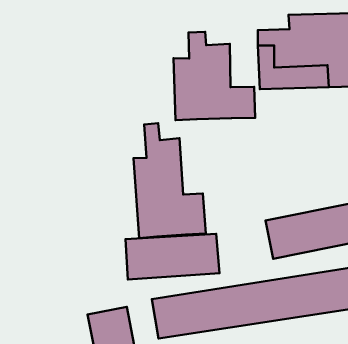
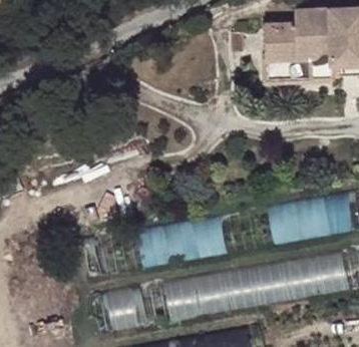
building: [174,32,255,120] -> none
building: [133,123,206,238] -> none

